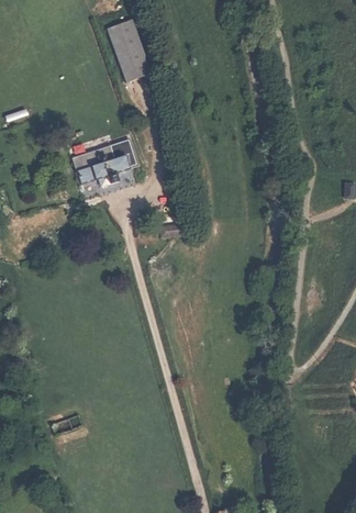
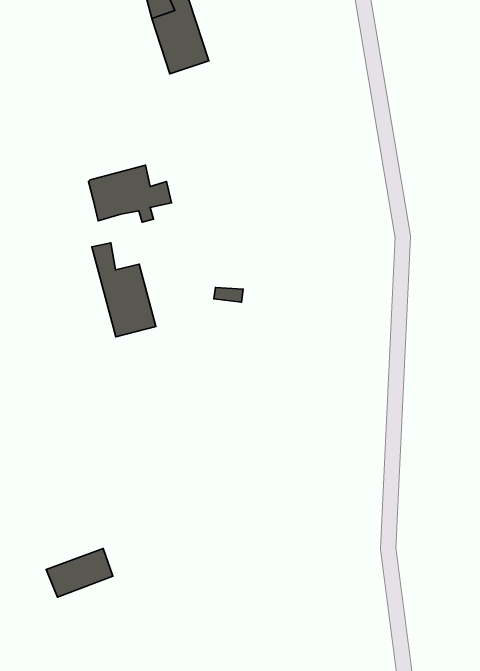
building: none -> [92,243,156,337]

